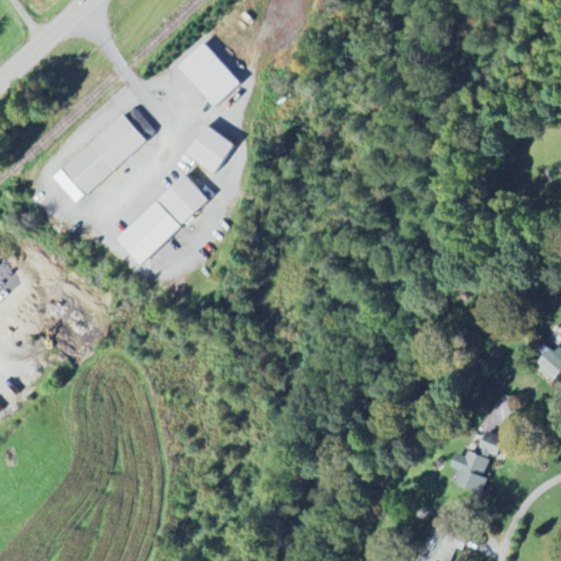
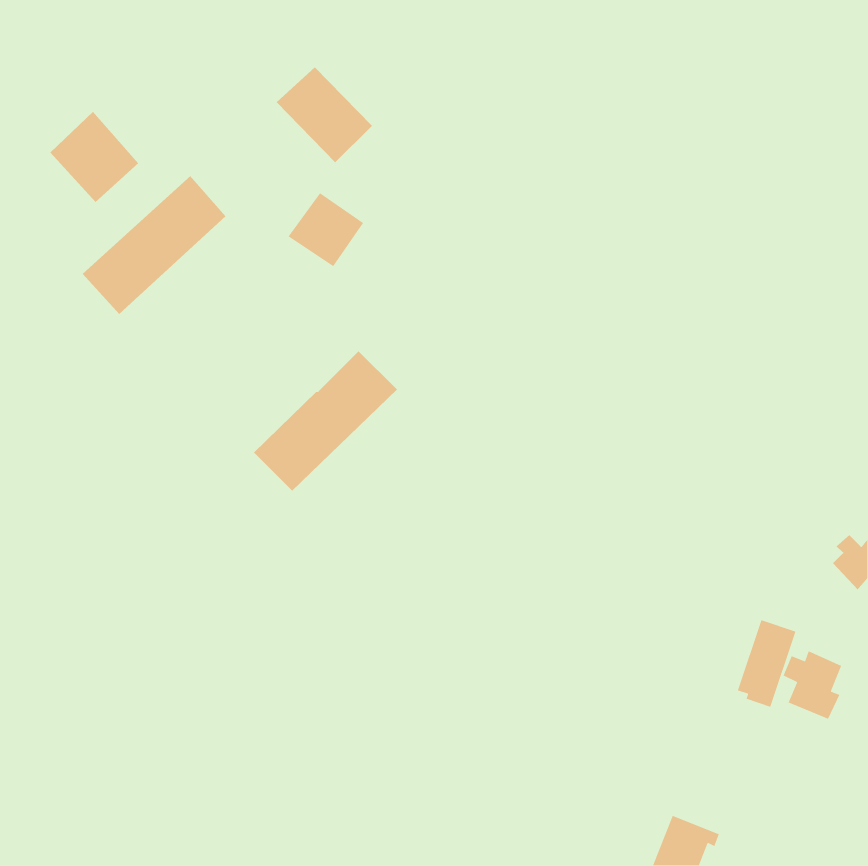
building: none -> [50,111,139,203]
building: [116,173,209,264] -> [253,350,398,492]
building: [451,449,490,494] -> [783,650,842,720]

